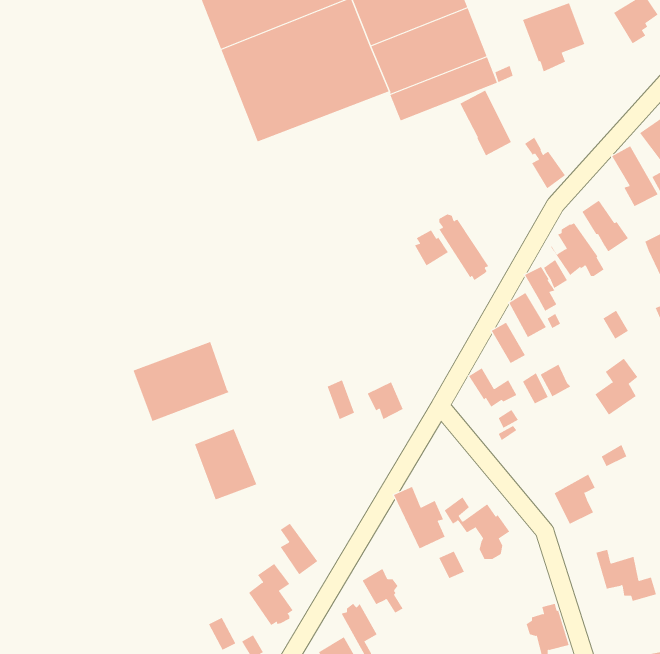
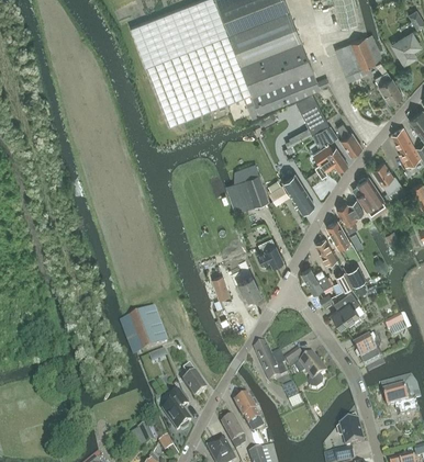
building: none -> [375,70,402,103]
building: none -> [311,143,347,178]
building: none -> [227,165,269,213]
building: none -> [257,238,283,266]
building: [133,341,230,422] -> none
building: [595,358,638,415] -> [332,292,359,328]

